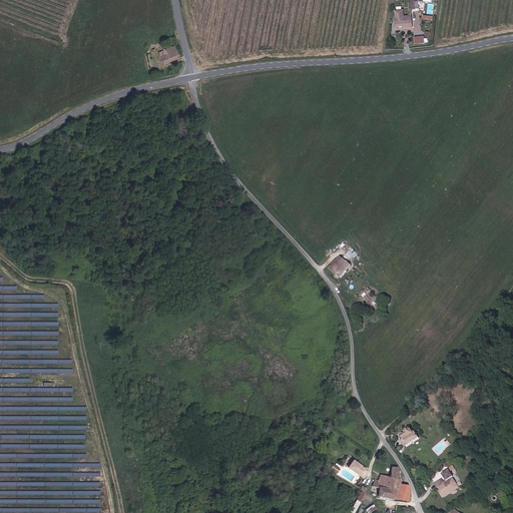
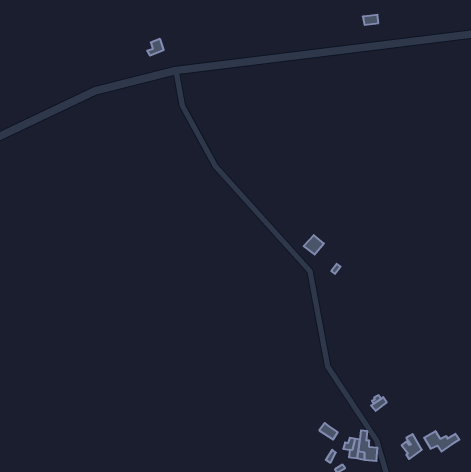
building: none -> [424,431,459,452]

